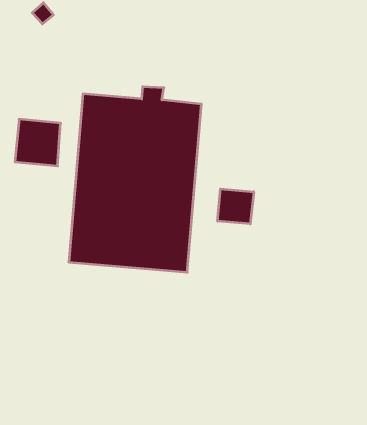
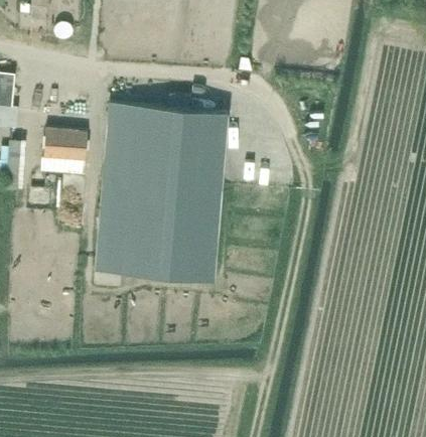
building: [218,189,254,224] -> none

